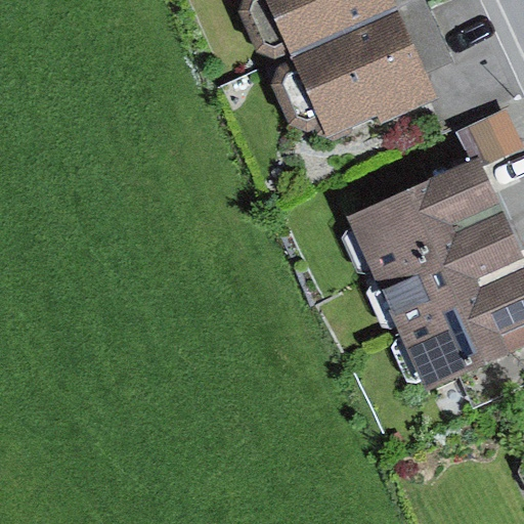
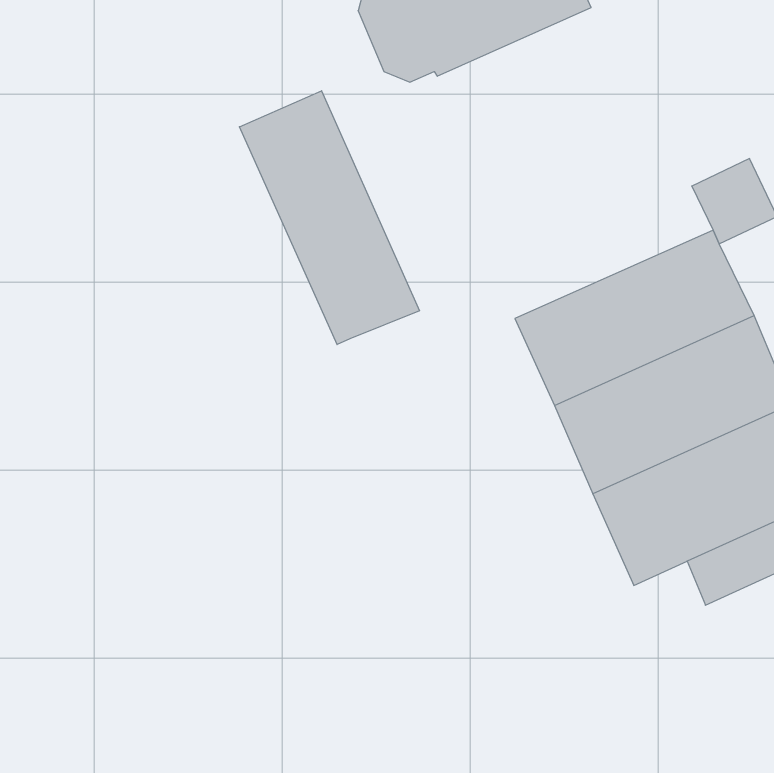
building: [276,5,441,135] -> none
building: none -> [239,91,420,345]

